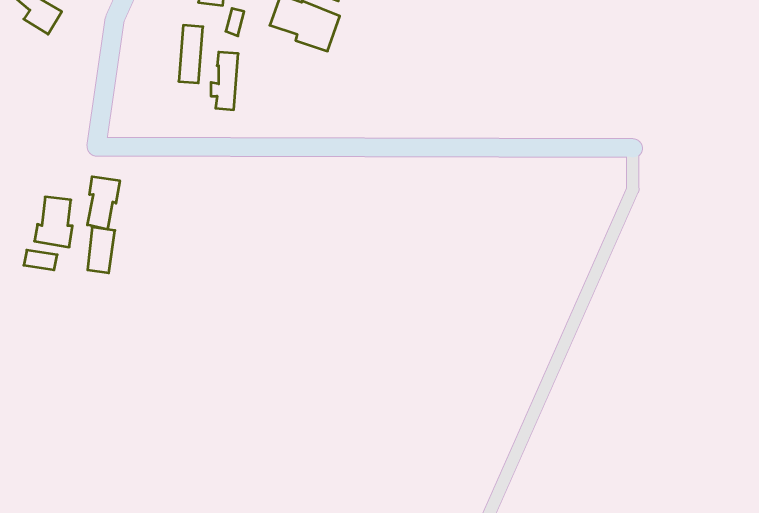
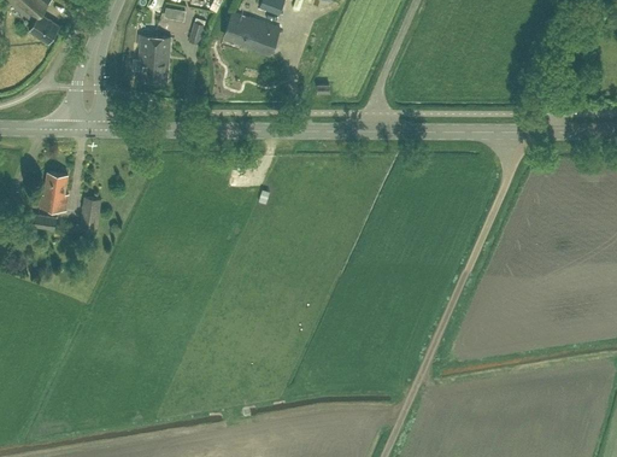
building: [211,52,238,110] -> [134,35,155,81]
building: [87,177,120,229] -> none

